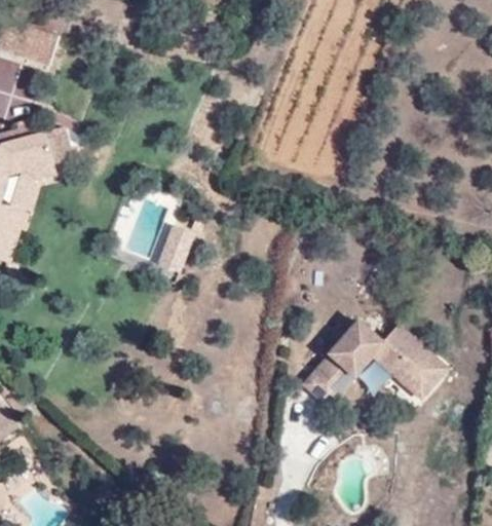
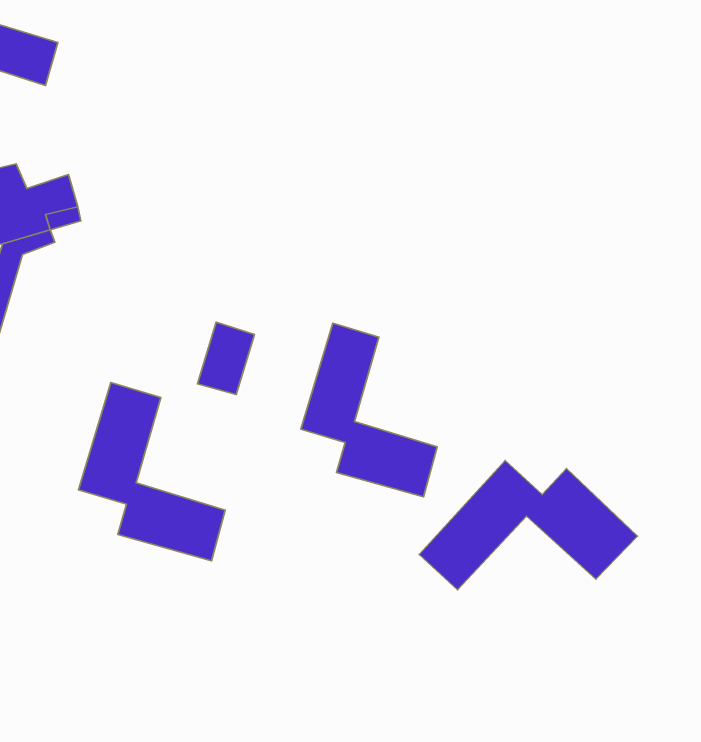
building: none -> [301,323,437,497]
building: none -> [79,383,225,561]

